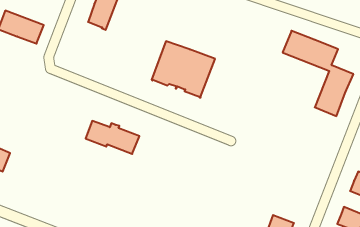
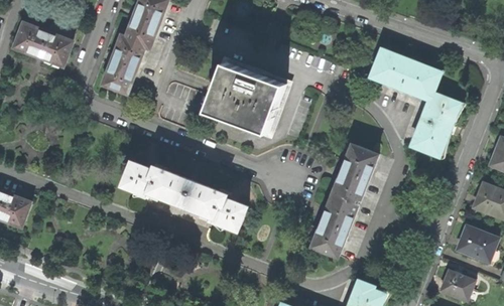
building: none -> [104,36,145,93]
building: none -> [311,144,378,257]
building: none -> [182,181,247,228]

